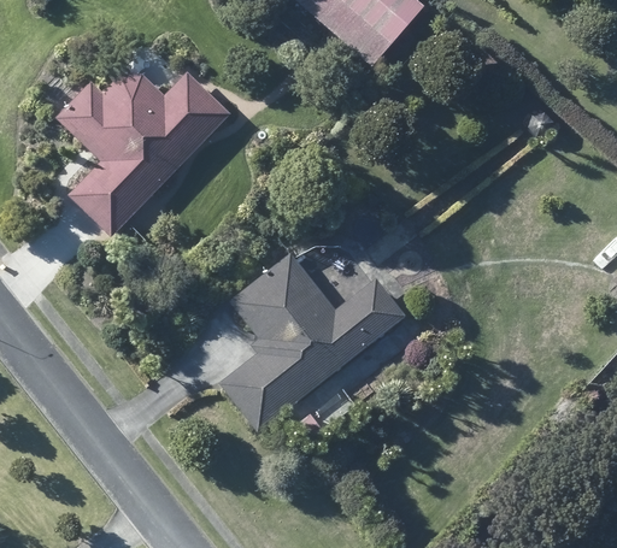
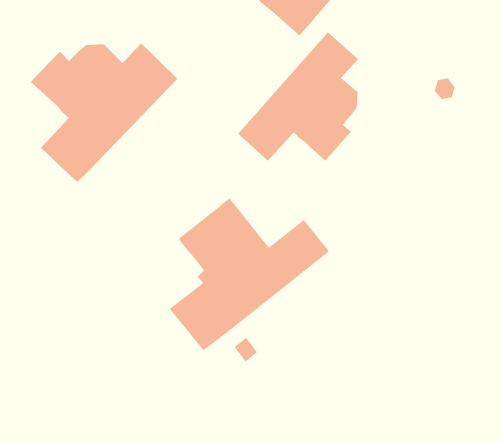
building: none -> [238,32,359,162]

